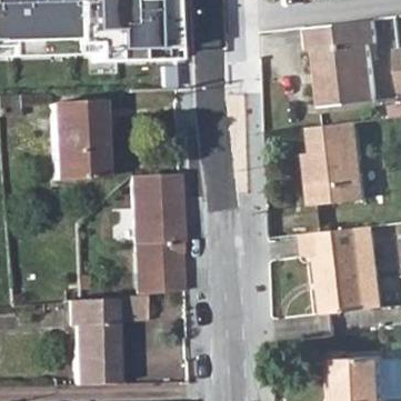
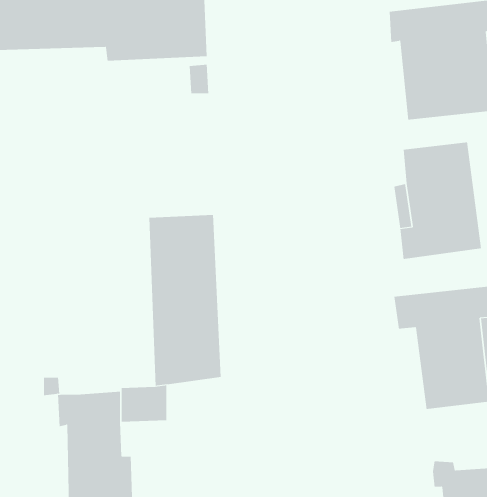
building: [52,102,104,178] -> none

